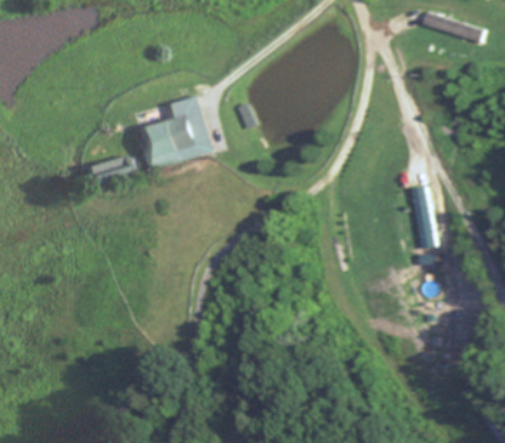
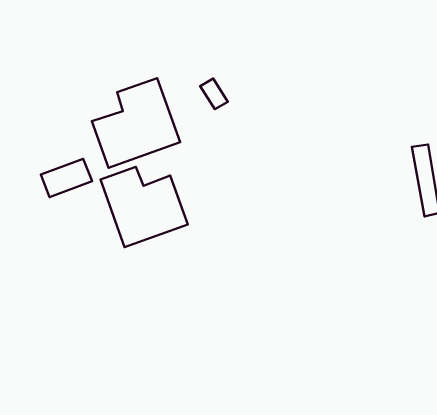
building: none -> [101,167,188,247]

